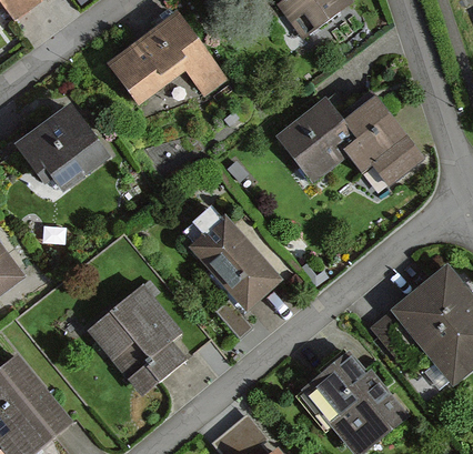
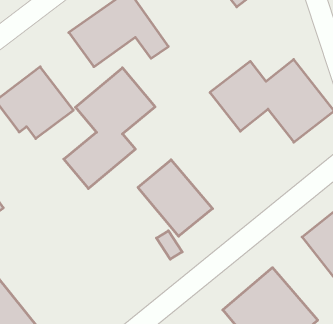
building: none -> [64,68,155,189]
building: [82,279,199,398] -> none

